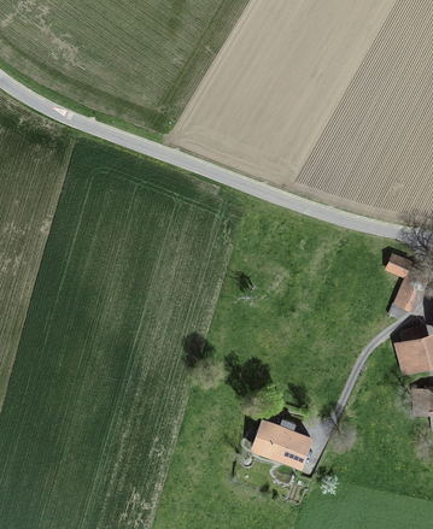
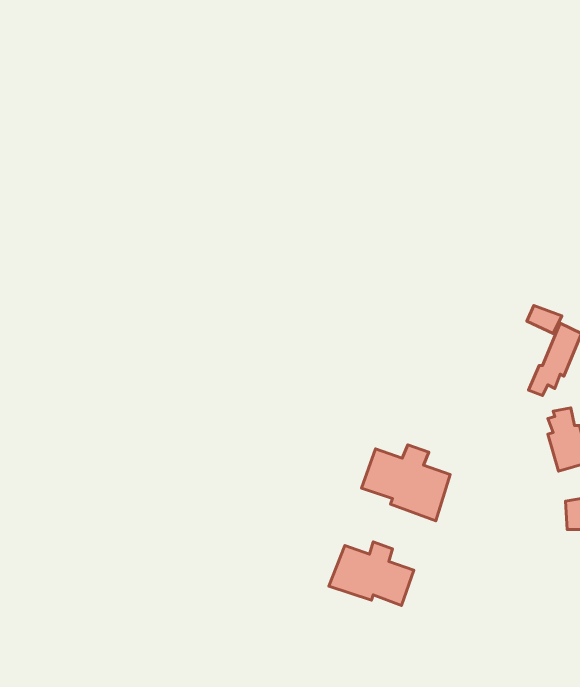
building: none -> [362,445,450,521]

